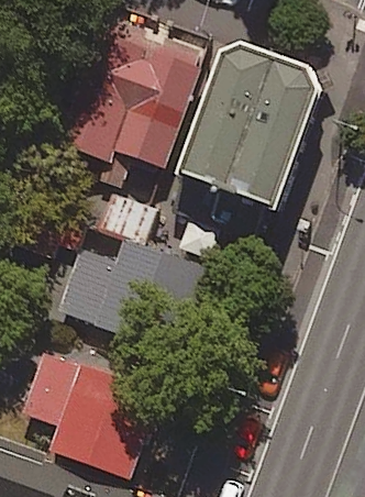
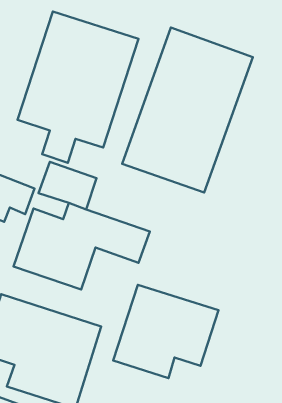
building: none -> [113,285,218,378]

